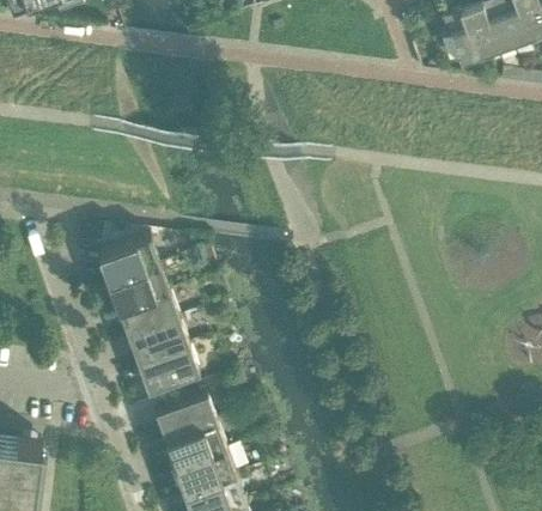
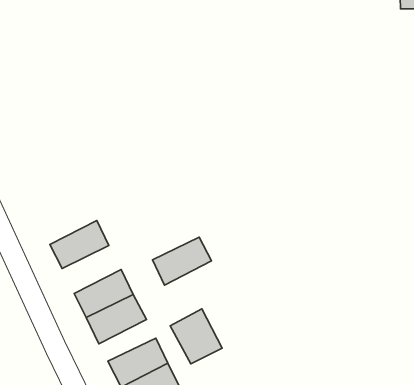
building: [97,236,159,282] -> none
building: [117,291,178,336] -> [152,237,211,285]
building: none -> [170,309,222,364]

